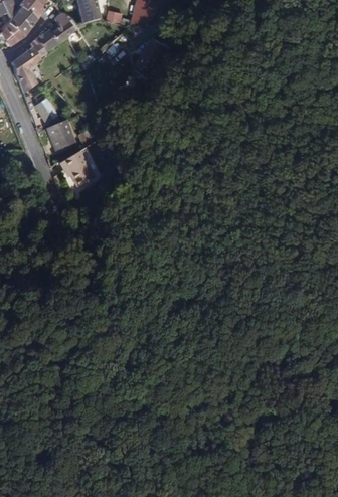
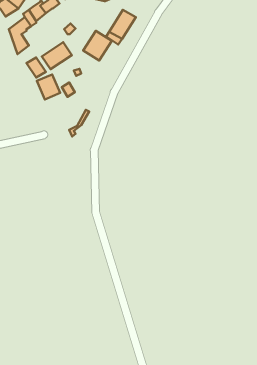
building: none -> [83,31,112,61]
building: none -> [42,42,72,69]
building: [59,149,95,185] -> none

